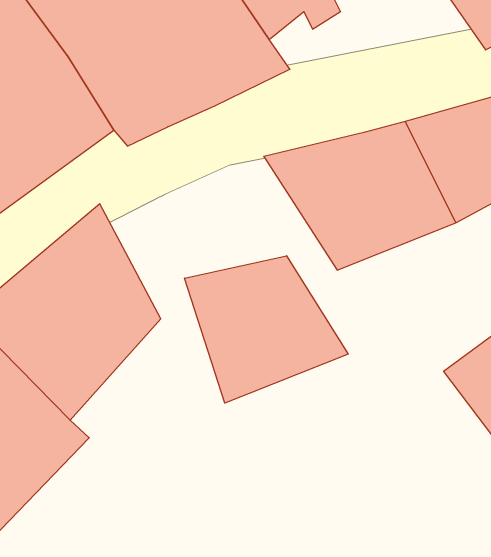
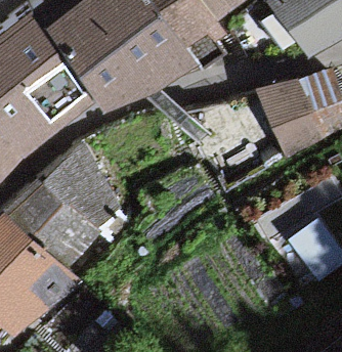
building: [185,256,348,403] -> none

